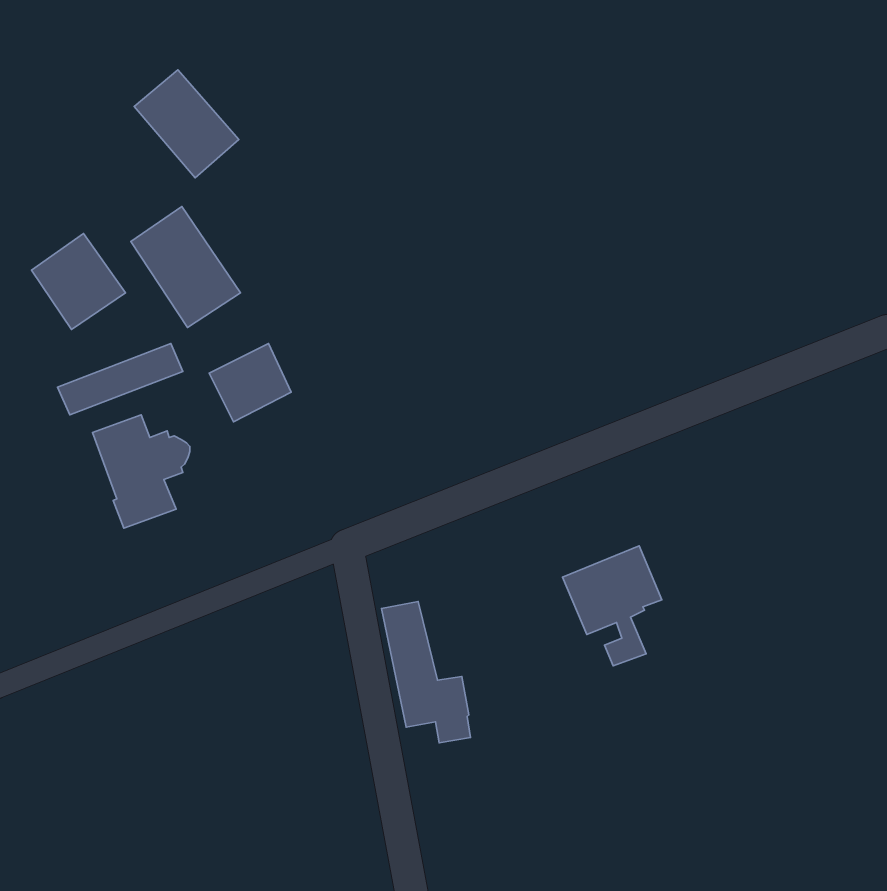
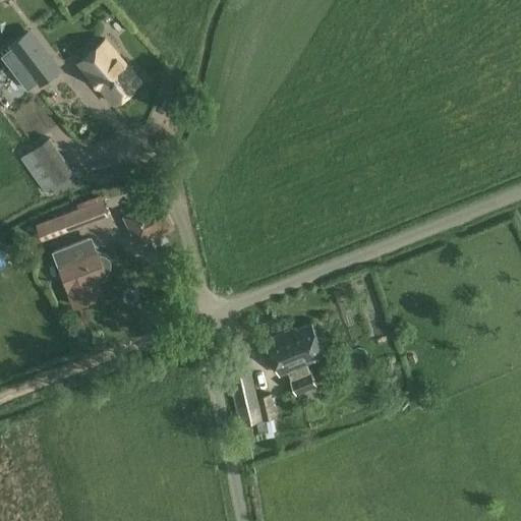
building: none -> [4,30,59,86]
building: [131,206,240,328] -> none
building: [563,546,662,666] -> [266,323,324,393]

